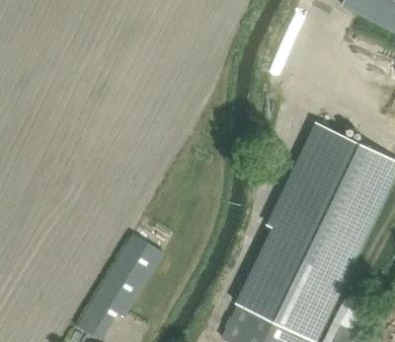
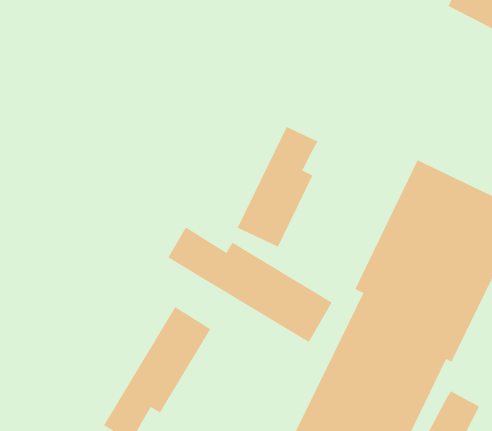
building: none -> [237,126,318,247]
building: none -> [168,227,333,343]

